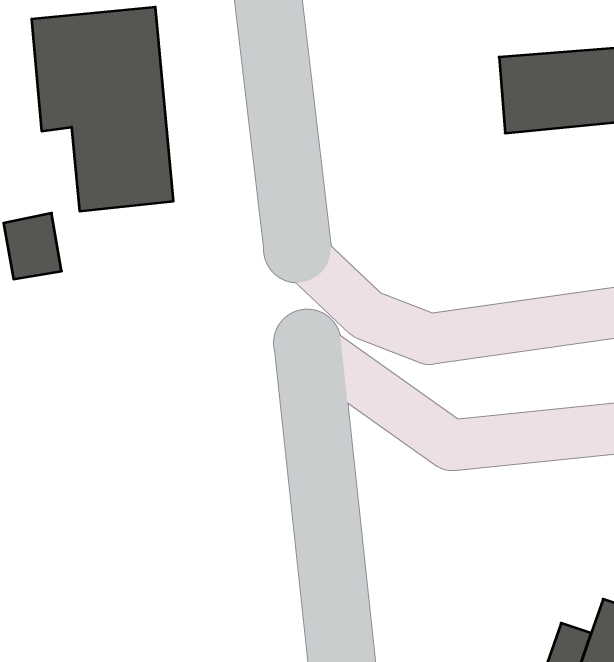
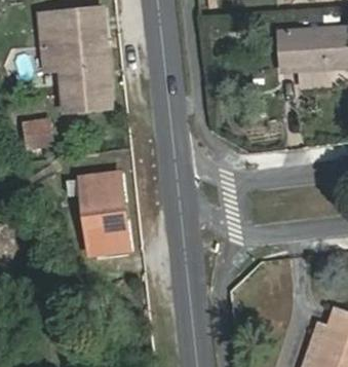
building: none -> [80,173,129,254]

